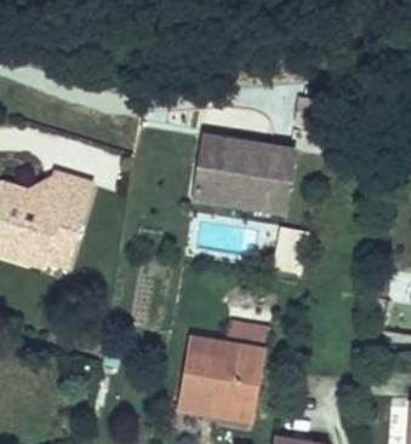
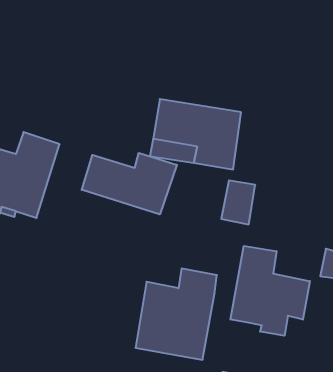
building: none -> [82,153,177,214]
building: none -> [231,246,310,336]

